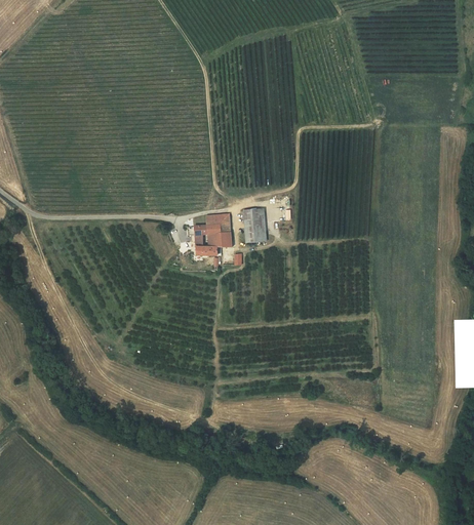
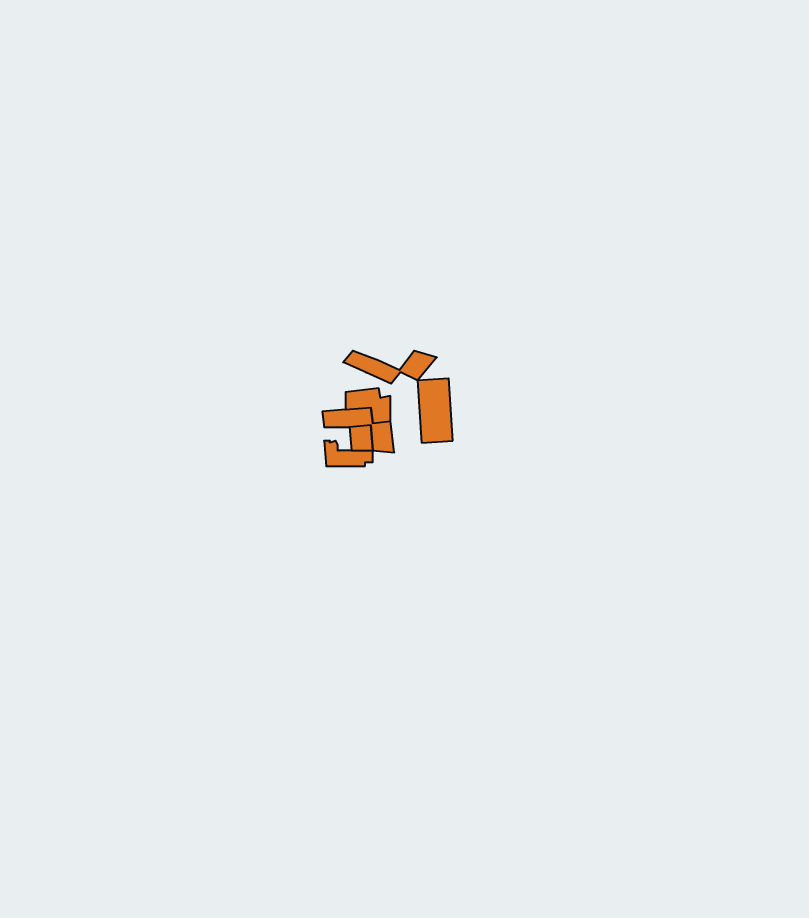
building: none -> [343,351,437,384]

